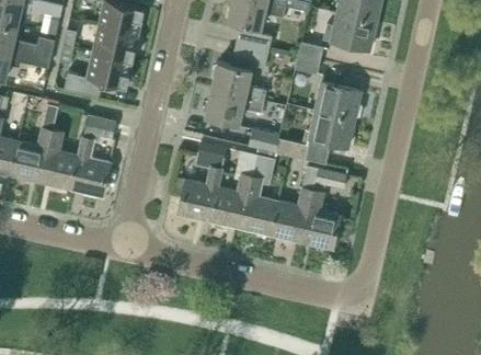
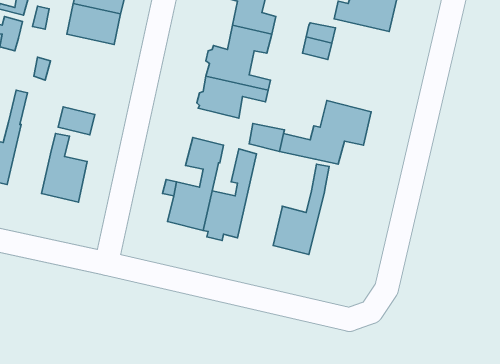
building: [87,53,133,88] -> none
building: [316,83,362,119] -> none
building: [41,130,78,190] -> none
building: [239,156,277,234] -> none
building: [300,167,347,250] -> none

